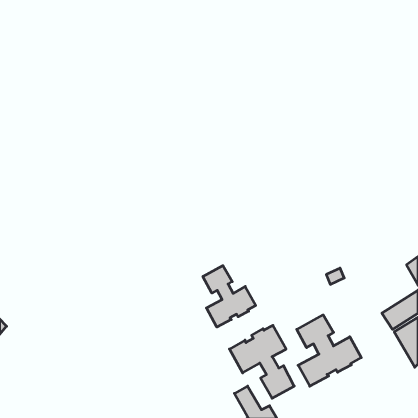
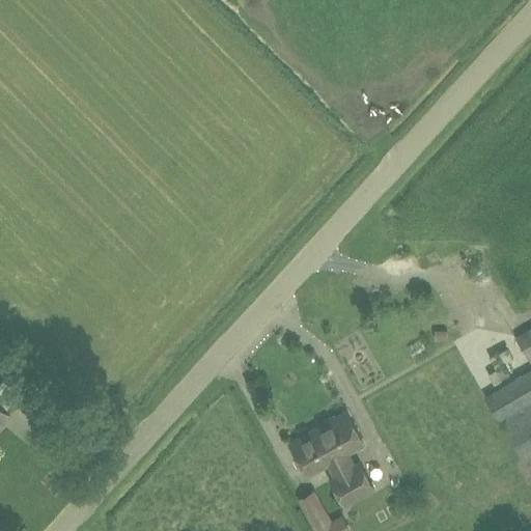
building: [203,266,256,327] -> none
building: [297,315,361,386] -> none

